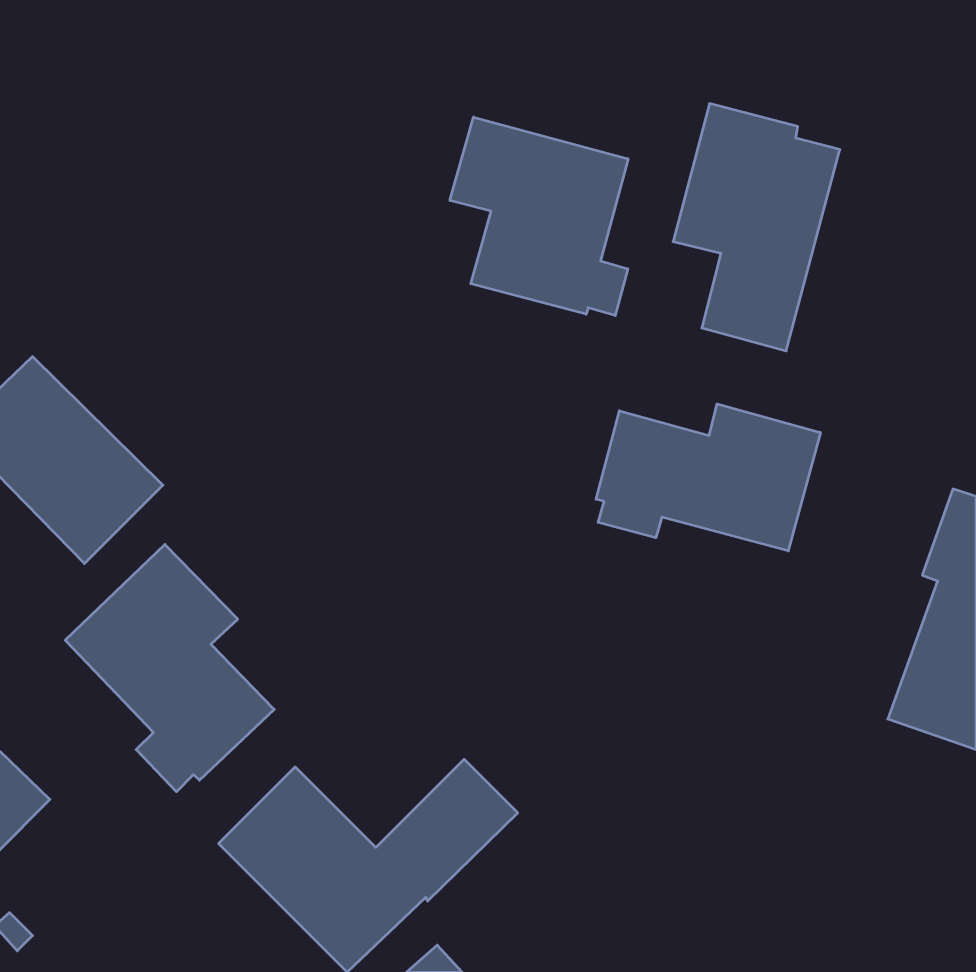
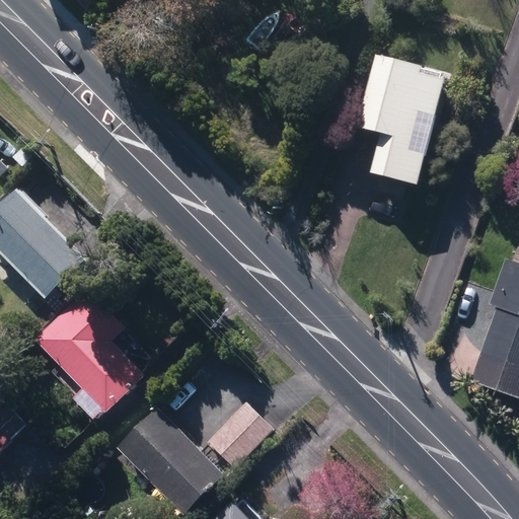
building: [450,117,628,316] -> none
building: [596,404,820,551] -> none

